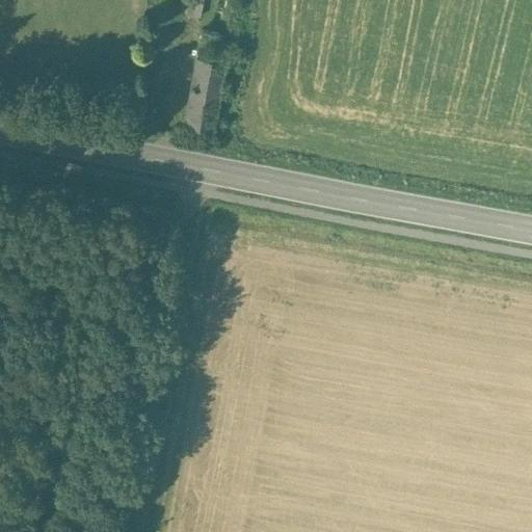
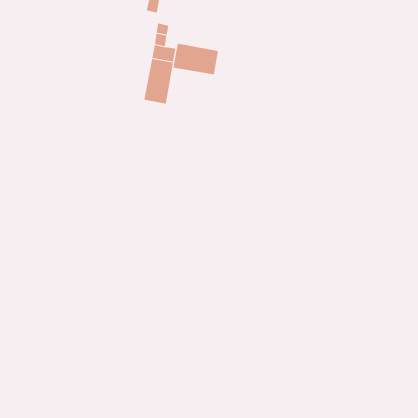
building: none -> [173,43,219,75]

